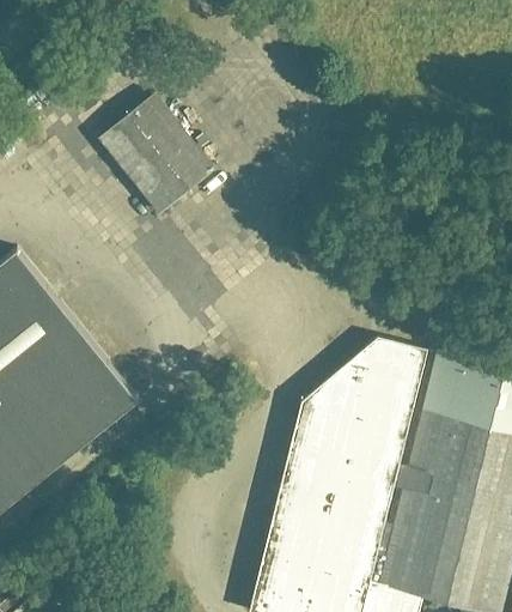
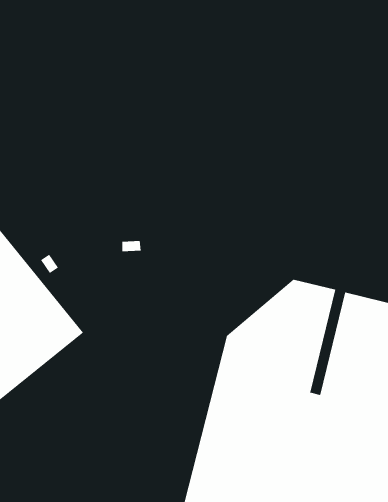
building: [100,98,215,218] -> none

